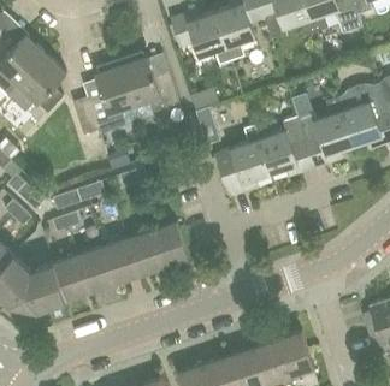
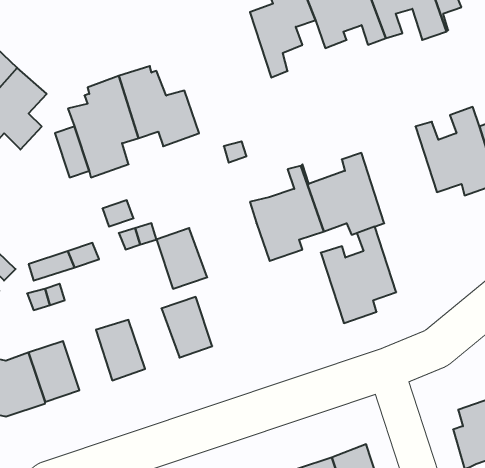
building: [170,10,231,64] -> none
building: [297,96,353,167] -> [321,227,396,323]
building: [126,230,164,274] -> [156,228,207,289]
building: [78,245,114,290] -> none

